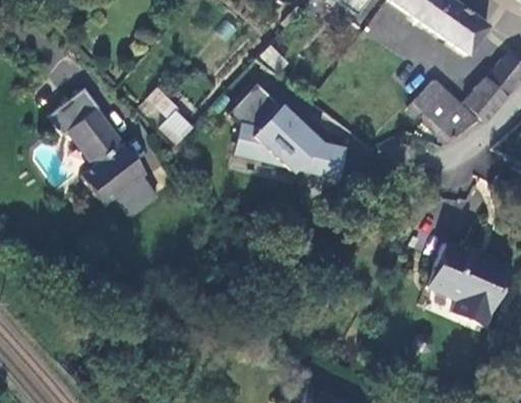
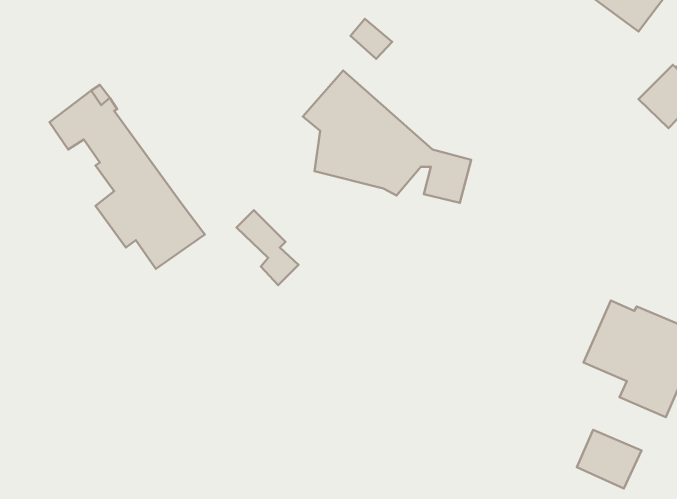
building: [407,85,470,145] -> none
building: [149,94,192,147] -> [237,210,298,285]
building: none -> [577,430,641,489]

